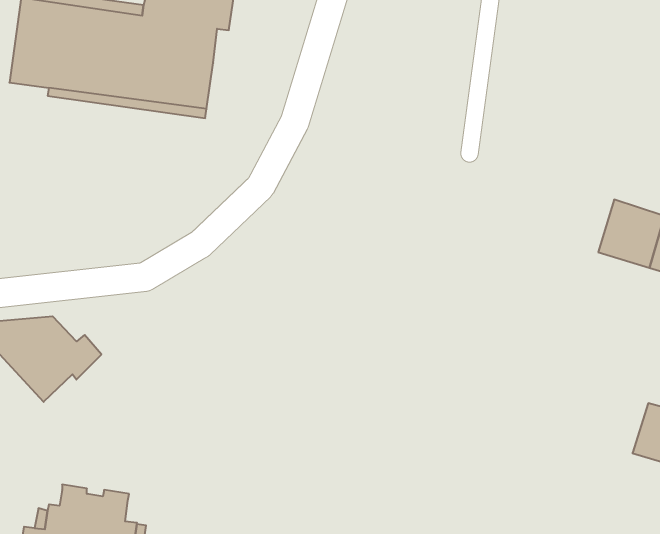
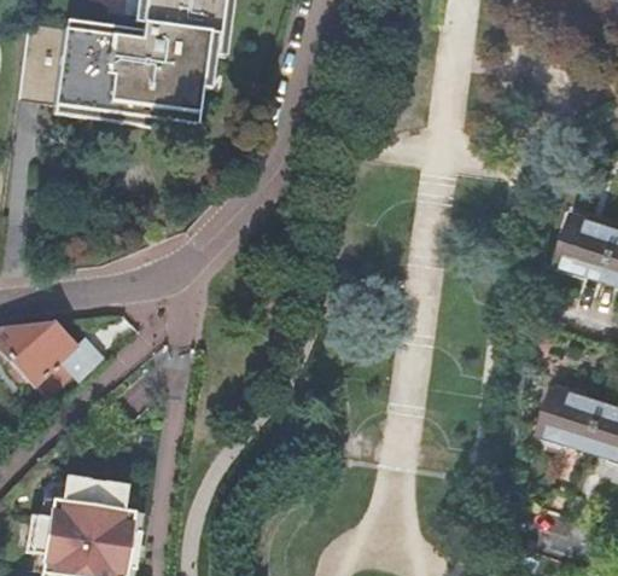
building: none -> [540,384,604,447]

